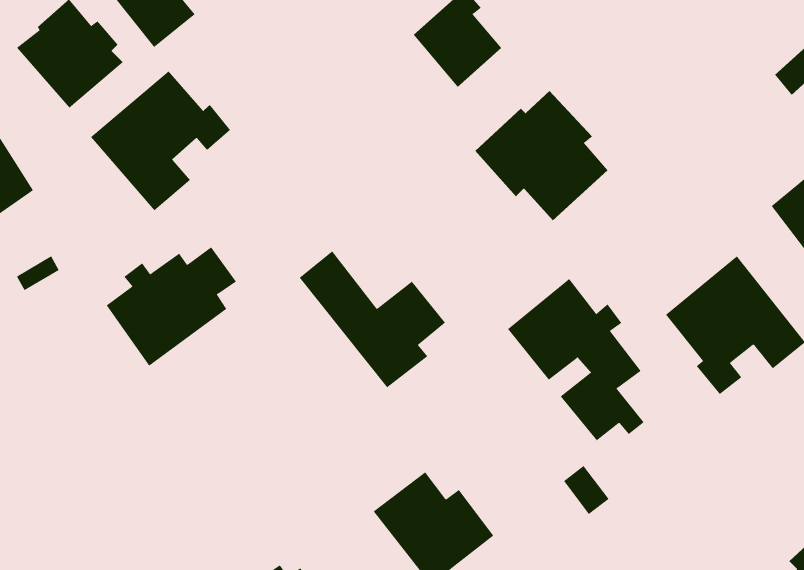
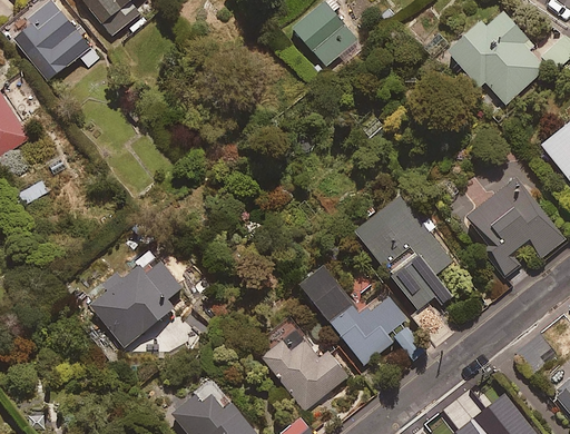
building: [90,70,231,211] -> none
building: [474,90,609,221] -> [446,9,540,100]
building: [106,246,237,366] -> [91,266,183,349]
building: [299,250,446,388] -> [303,268,405,364]

